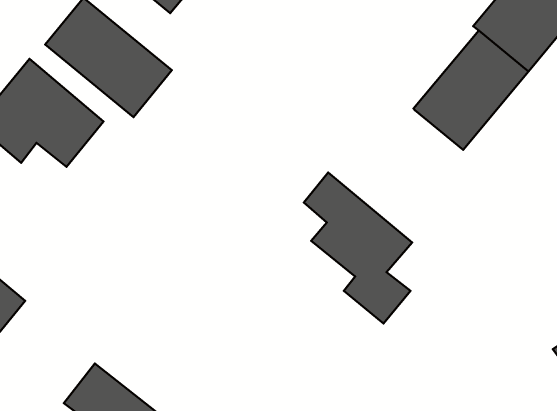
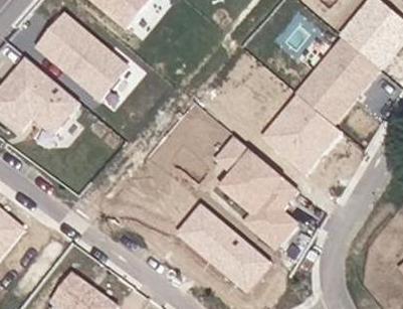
building: none -> [261,95,340,174]
building: none -> [179,204,271,290]

